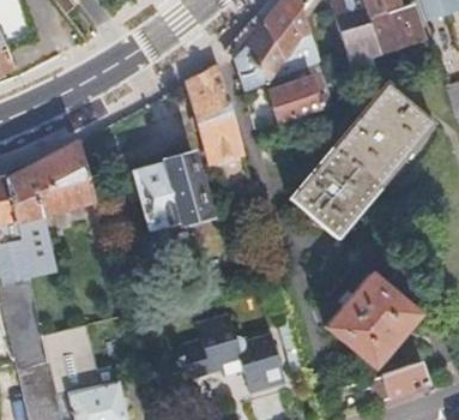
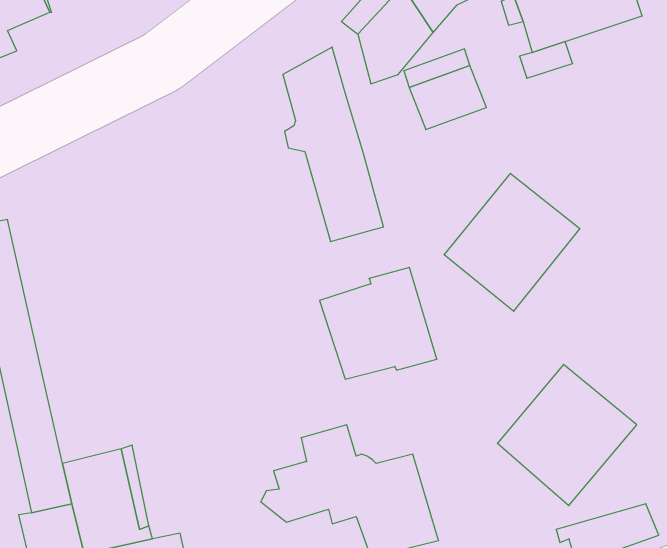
building: [336,83,431,182] -> none
building: [7,140,95,278] -> none
building: [132,155,209,228] -> [320,267,437,379]

